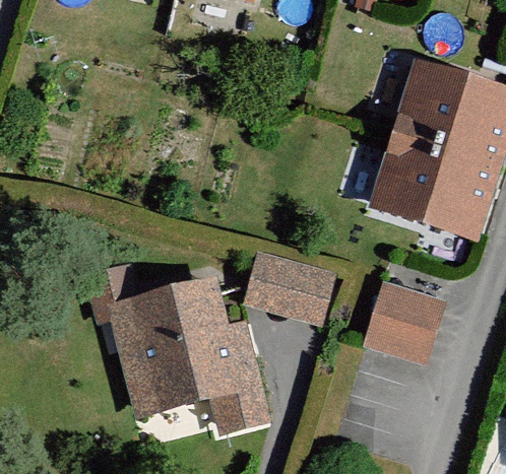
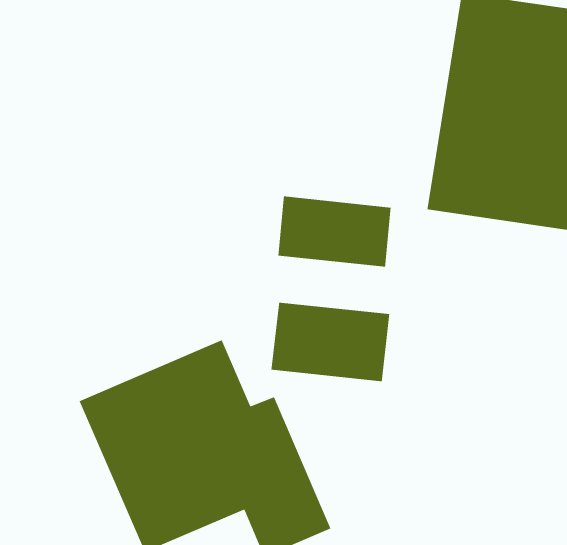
building: none -> [277,196,392,268]
building: [368,281,437,352] -> none

